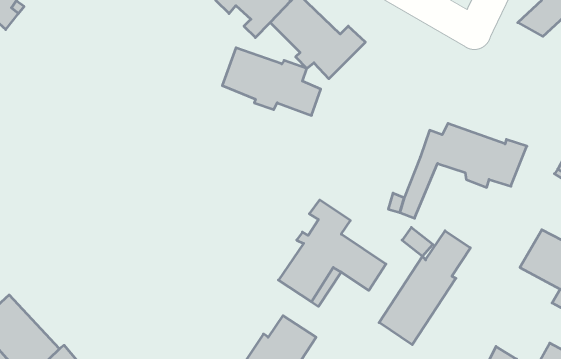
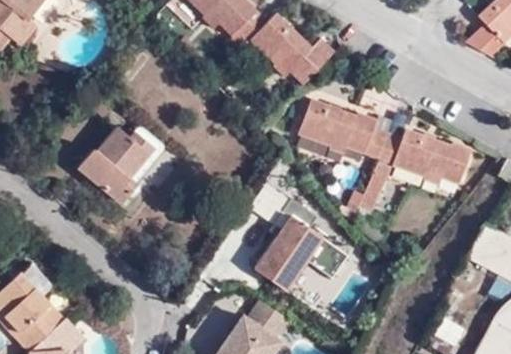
building: [222,48,321,115] -> [301,97,387,156]
building: none -> [80,131,159,207]
building: [379,231,470,345] -> none

